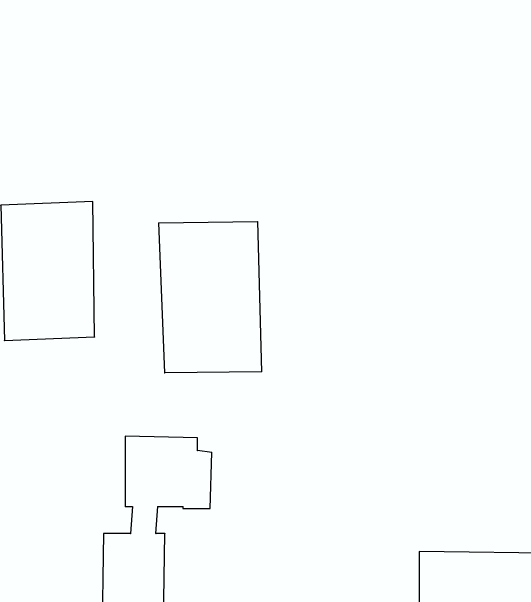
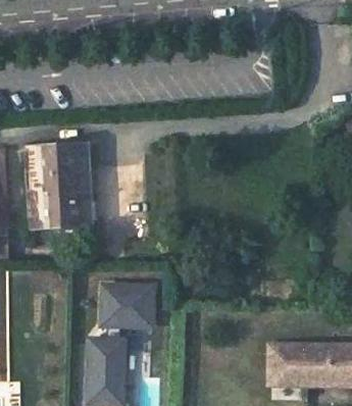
building: [159,222,262,373] -> none

